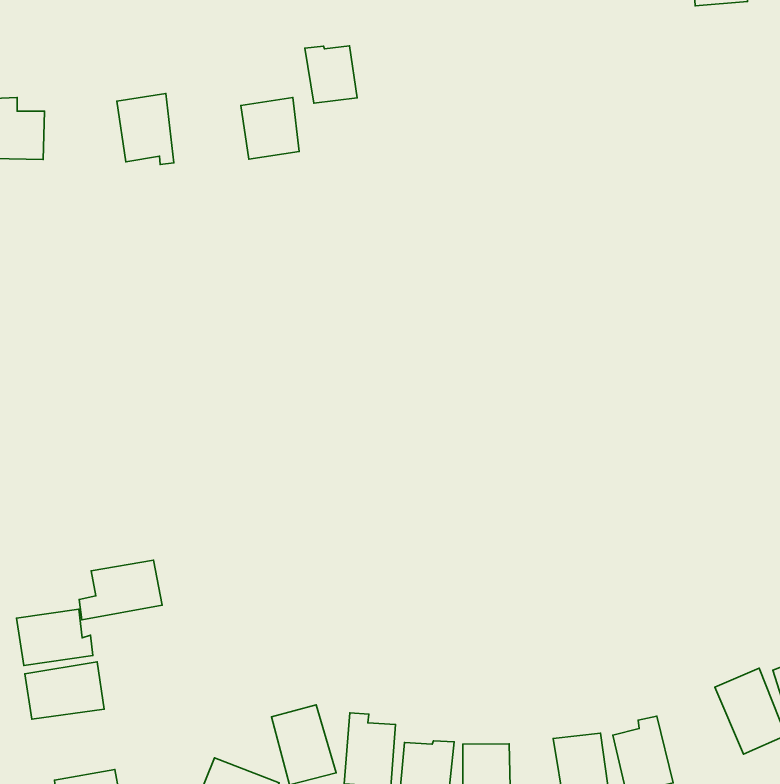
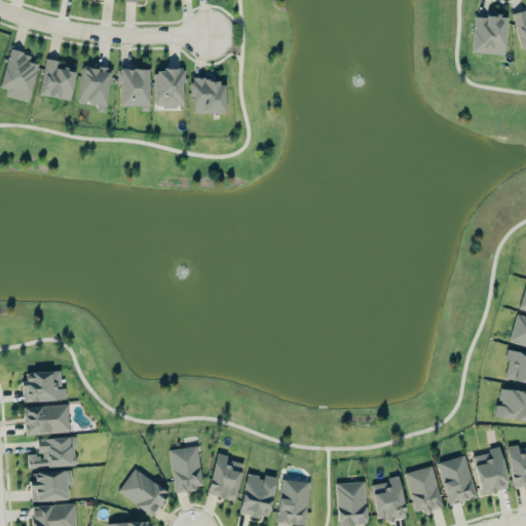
building: [305,46,357,103] -> none
building: none -> [155,69,185,107]
building: none -> [80,66,111,111]
building: [79,560,162,620] -> [29,437,78,467]
building: none -> [405,464,445,513]

